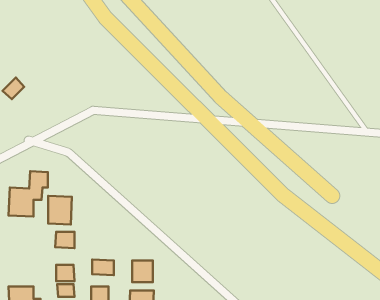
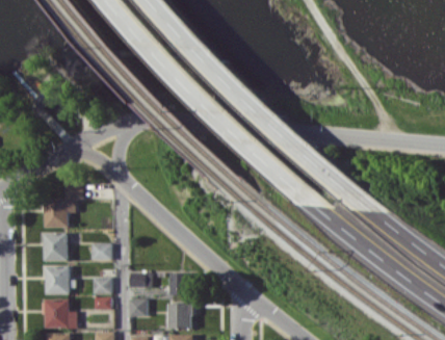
building: [48,196,72,224] -> [44,233,68,262]
building: none -> [45,266,70,294]

